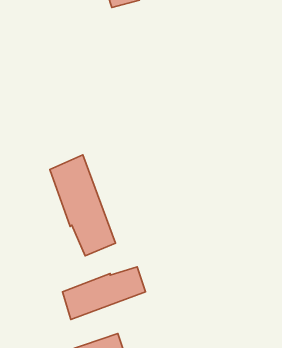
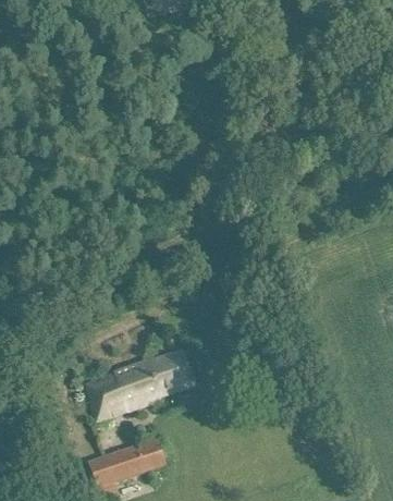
building: [50,155,116,256] -> none

